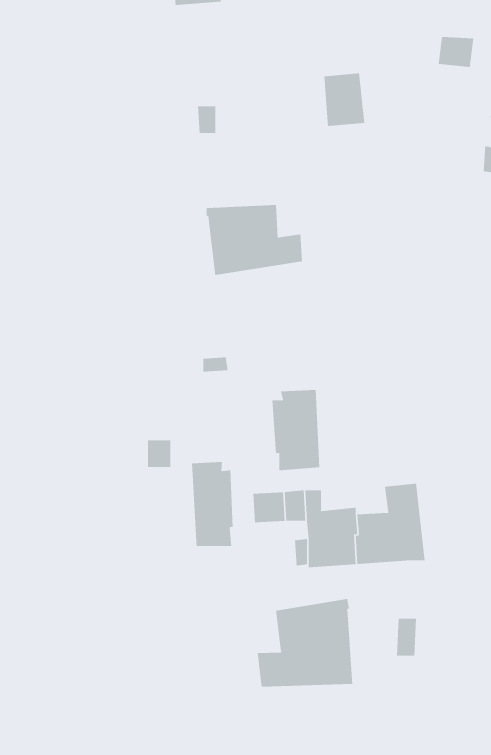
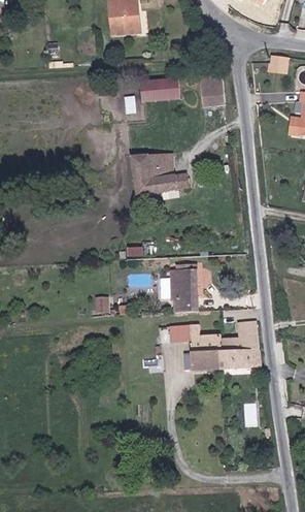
building: none -> [139,78,179,101]
building: [191,461,233,547] -> none
building: [257,598,353,688] -> none

